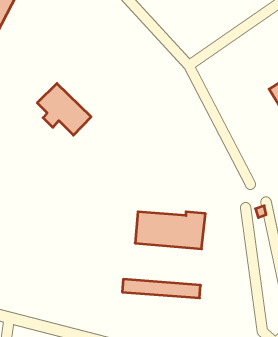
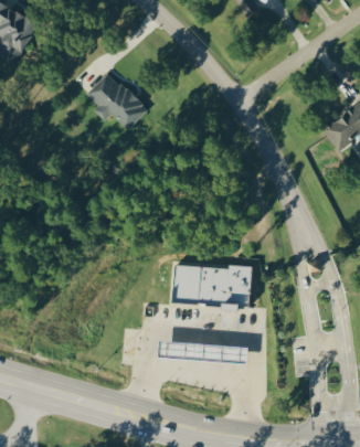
building: [37,83,91,135] -> [87,71,148,129]

